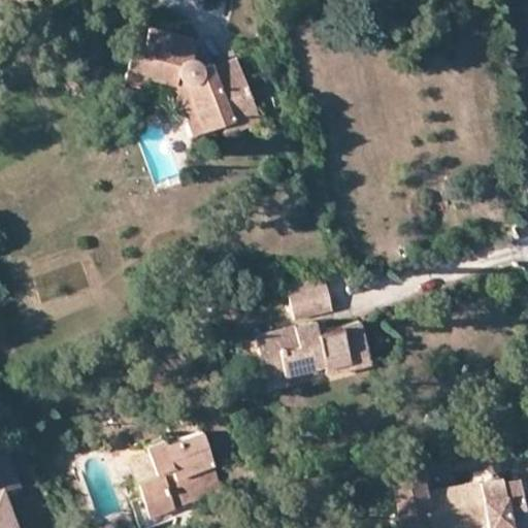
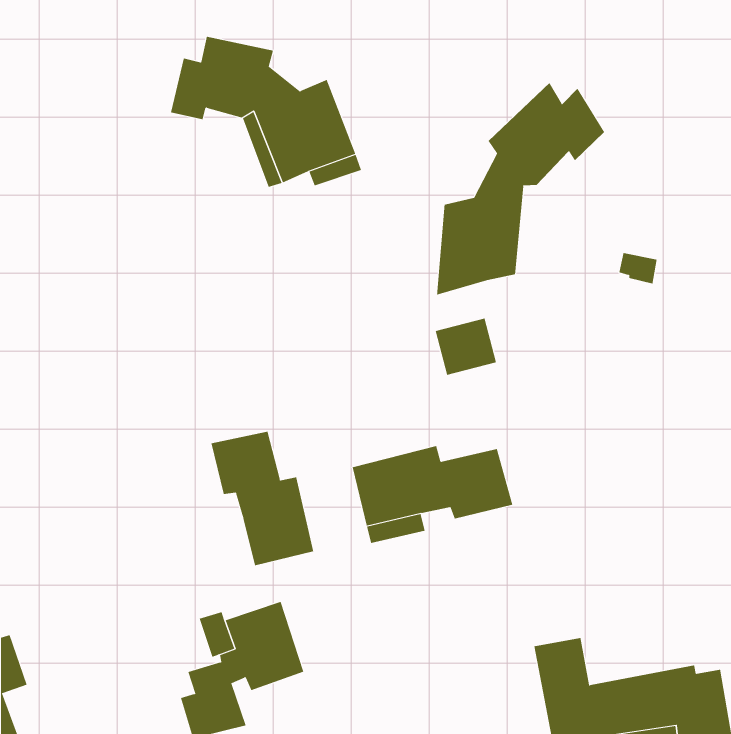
building: none -> [437,82,605,296]
building: [290,279,334,321] -> [435,318,497,375]
building: none -> [211,431,314,566]

